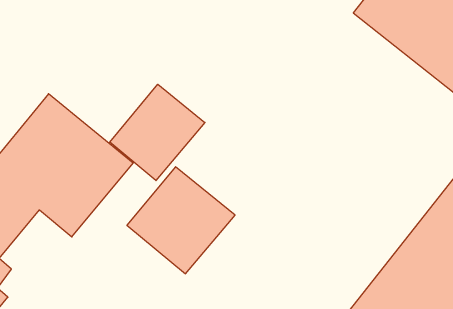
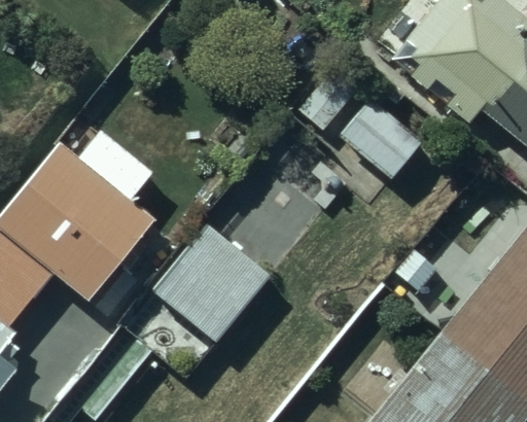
building: [110,84,205,181] -> none

